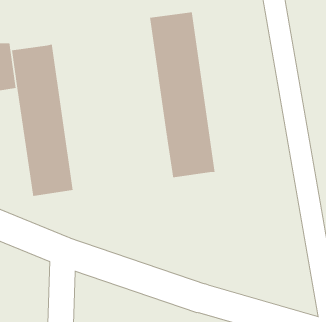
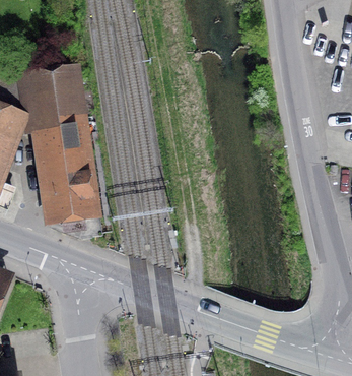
building: [149,11,215,178] -> none

